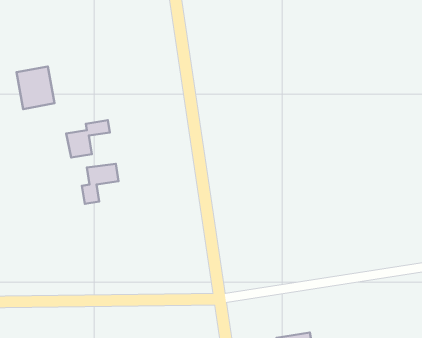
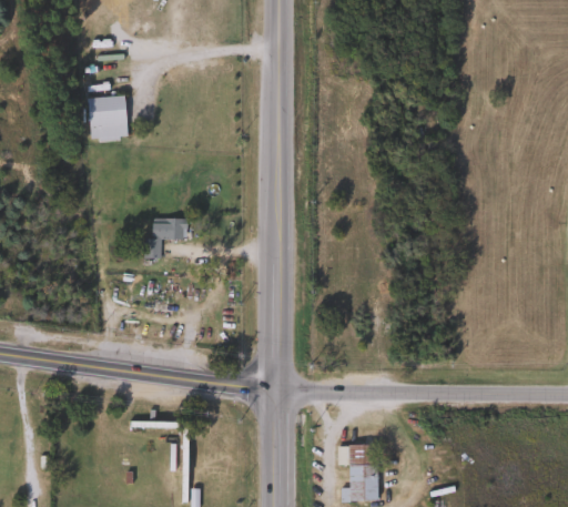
building: [66,120,110,157] -> none

